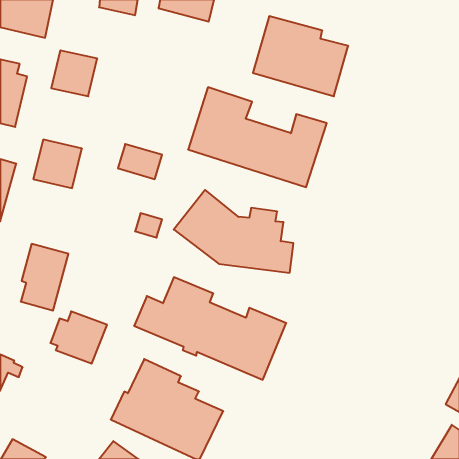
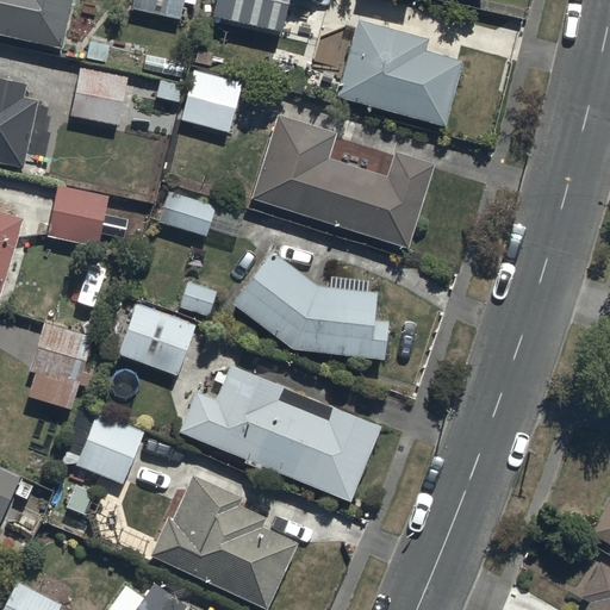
building: none -> [180,73,242,135]
building: none -> [117,304,194,375]

